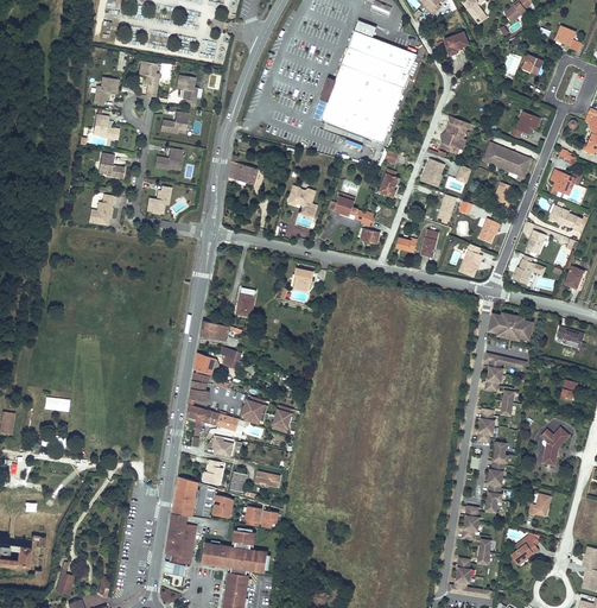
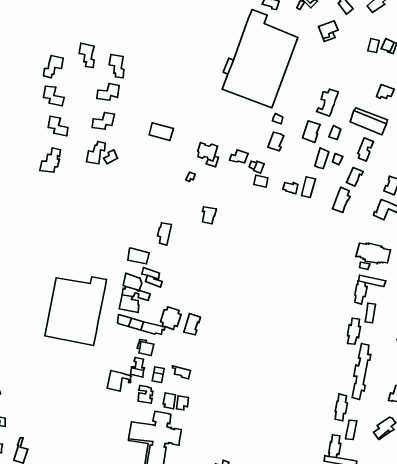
building: none -> [45,277,107,346]
building: [165,519,195,564] -> none

